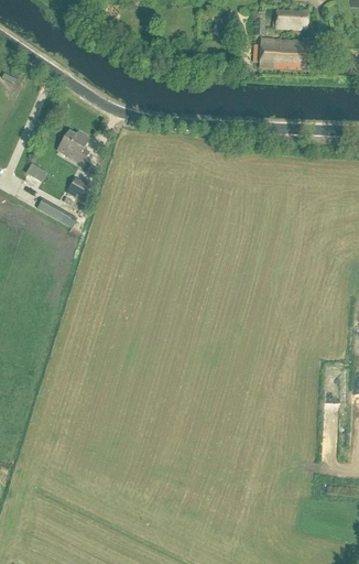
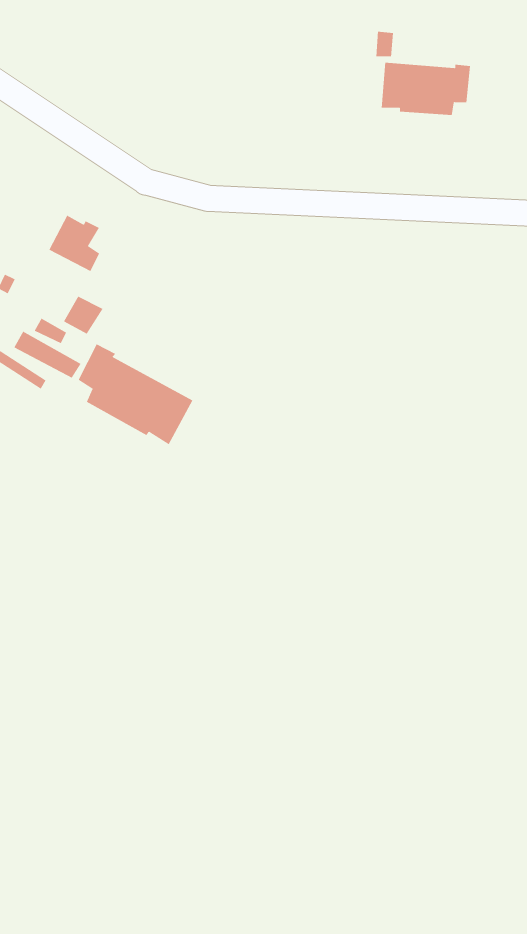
building: [275,8,309,30] -> none
building: none -> [78,344,193,445]

